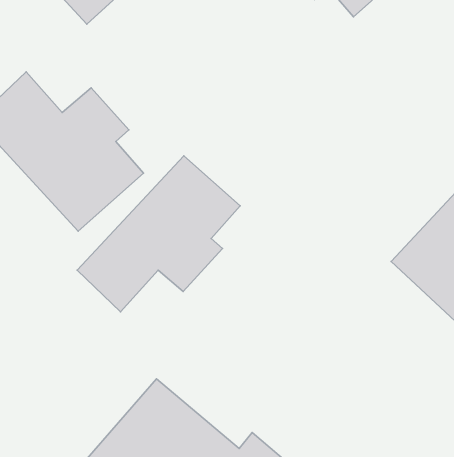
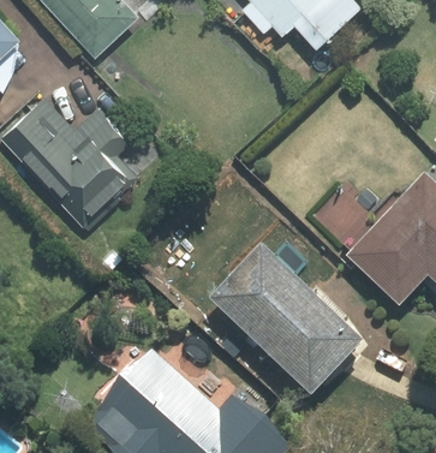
building: [77,156,240,312] -> none
building: none -> [209,244,360,392]

